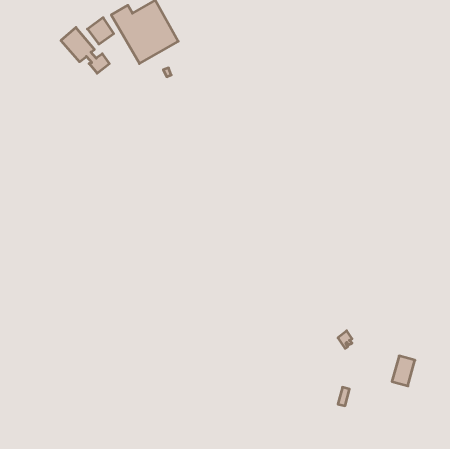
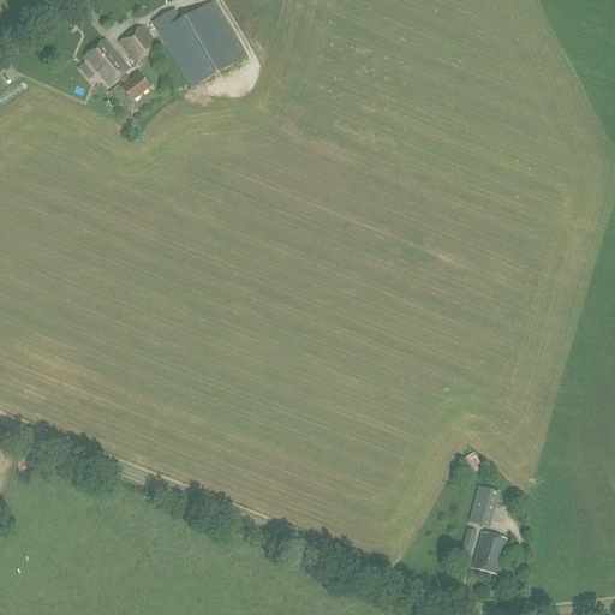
building: [392,356,415,386] -> [467,485,498,526]
building: none -> [471,531,507,573]

